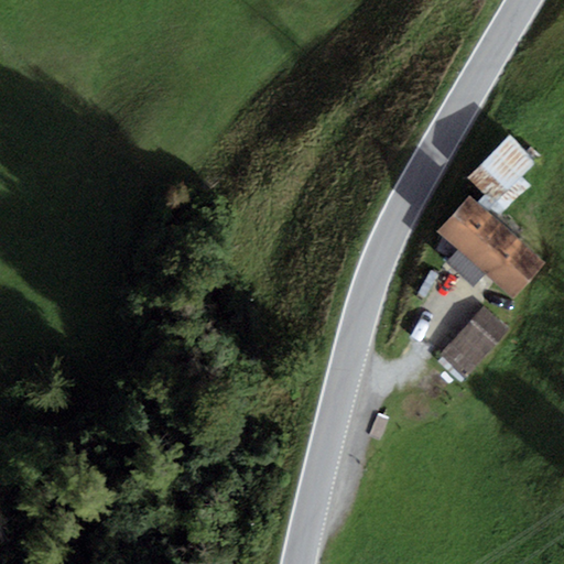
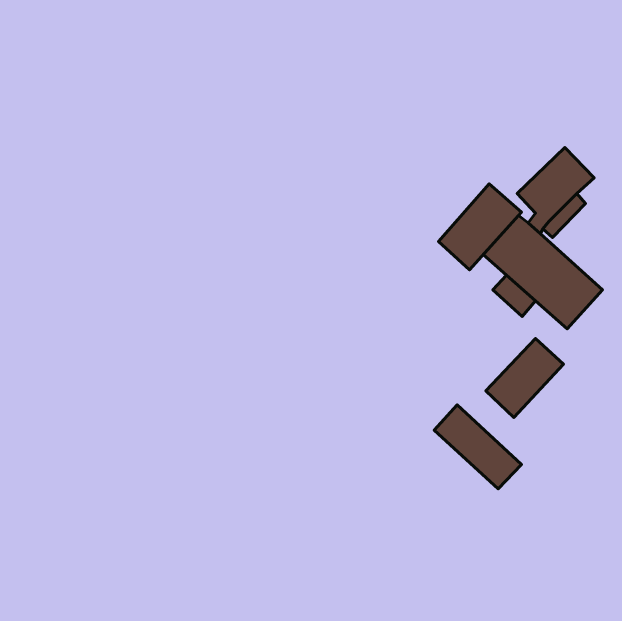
building: none -> [439,184,521,270]
building: none -> [434,405,521,489]

